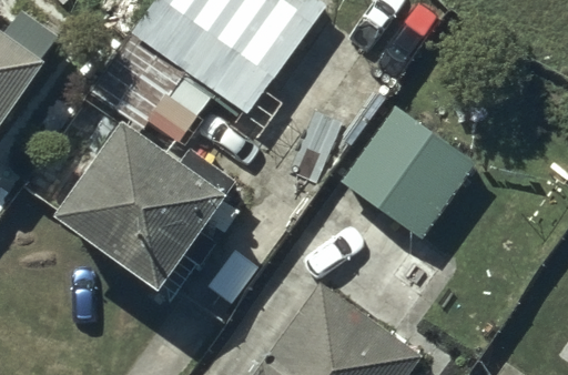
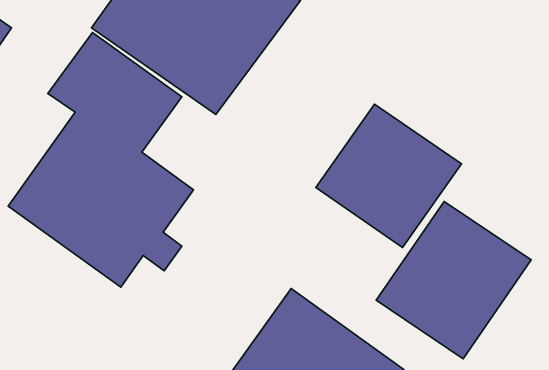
building: none -> [376,201,531,359]

